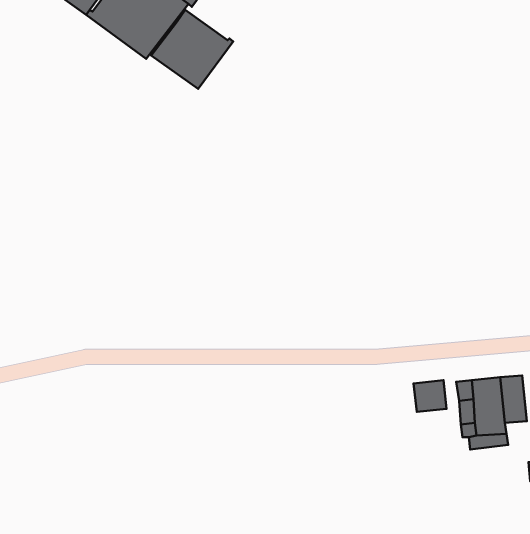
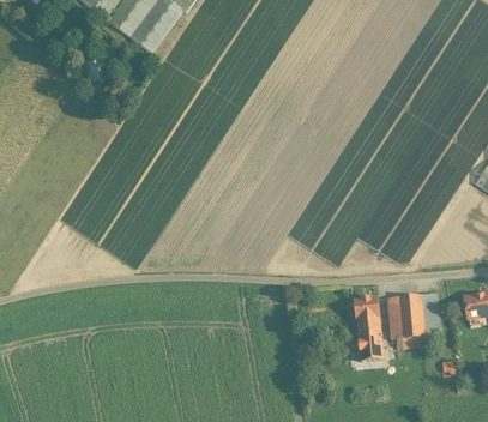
building: [151,10,233,89] -> none
building: none -> [357,318,384,361]

